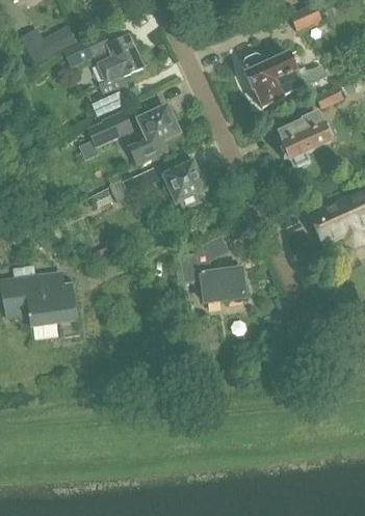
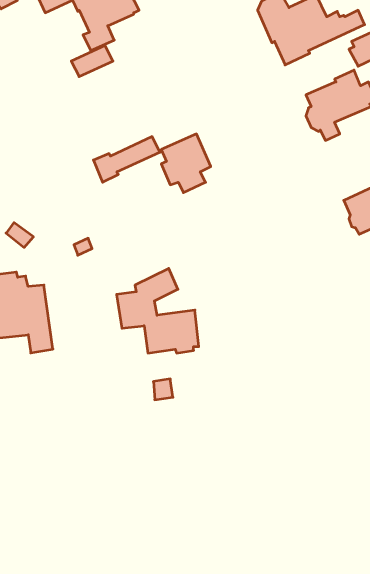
building: [128,101,182,165] -> none
building: [86,110,133,147] -> none
building: [180,234,245,301] -> [117,268,199,353]

